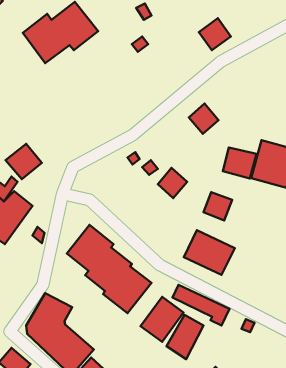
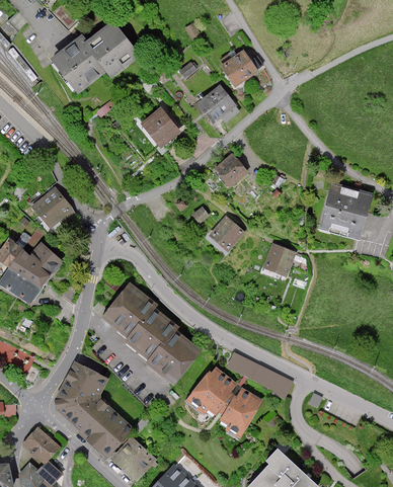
building: [199,18,231,50] -> [220,50,257,87]
building: none -> [195,85,236,124]
building: none -> [140,107,180,149]
building: [189,104,218,134] -> [213,153,247,188]
building: [223,147,257,178] -> none
building: [184,230,235,275] -> none

